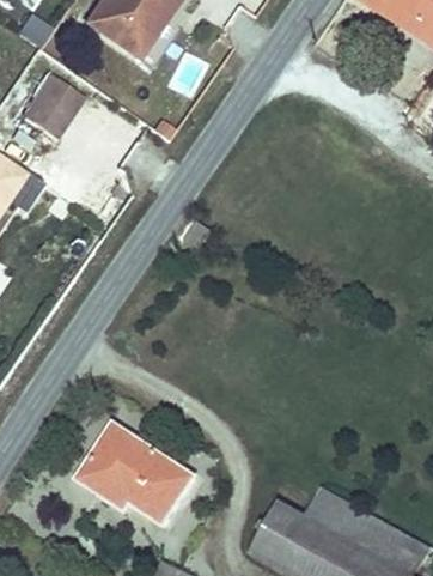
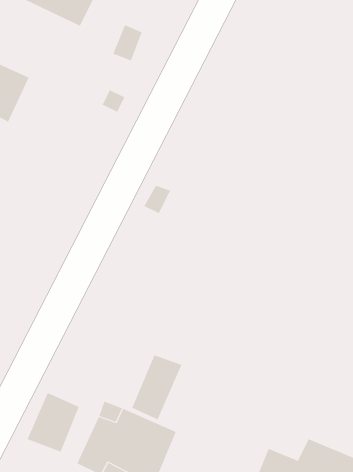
building: none -> [132,354,182,420]
building: none -> [27,392,80,452]

